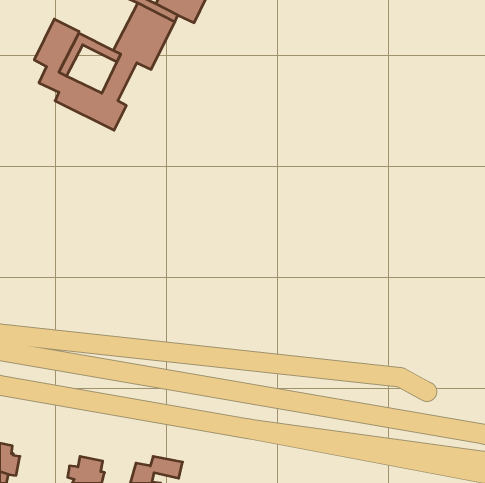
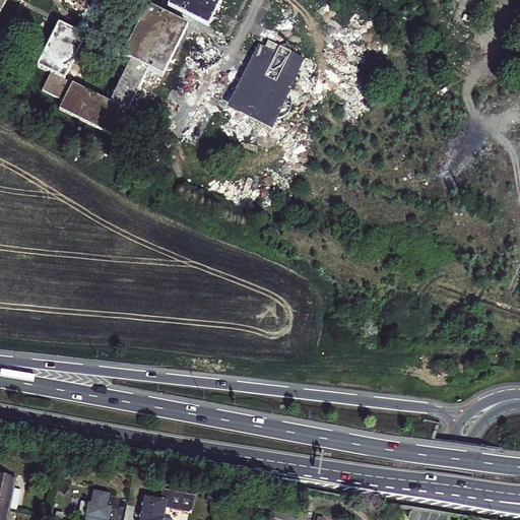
building: none -> [229,38,303,123]

